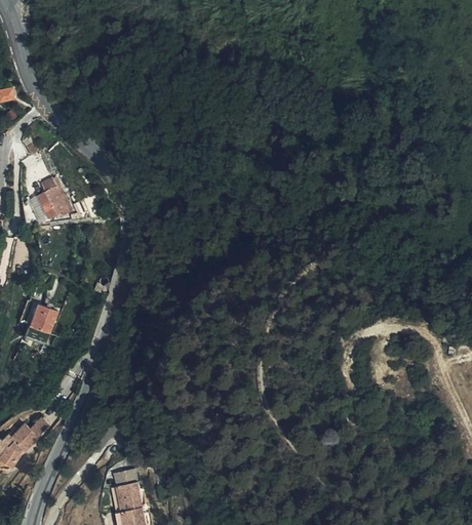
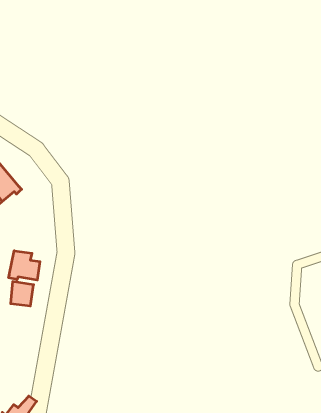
building: none -> [9,251,40,280]

